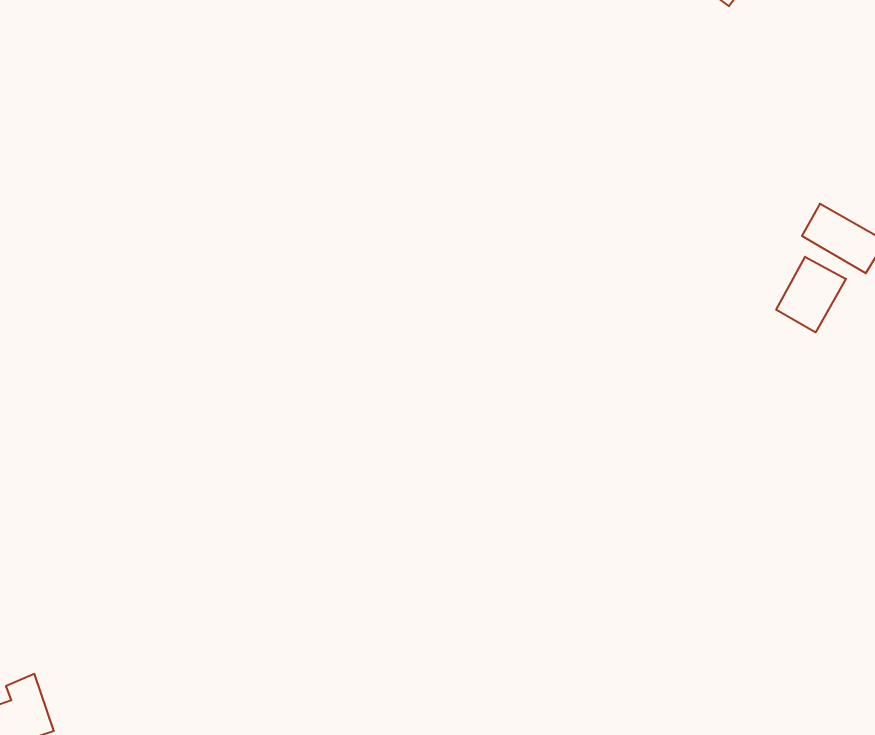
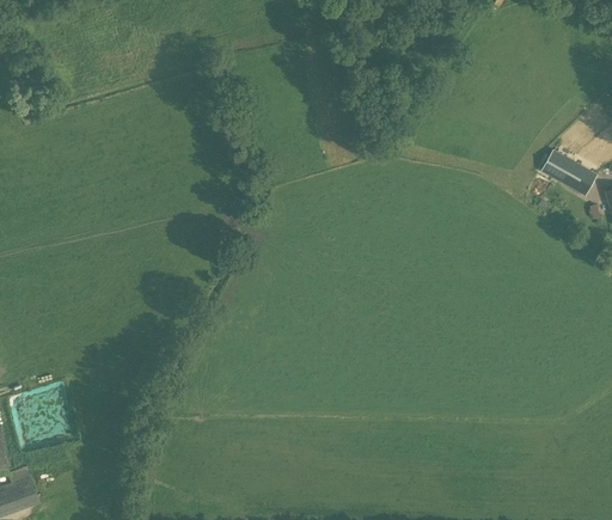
building: [776,257,846,332] -> none

